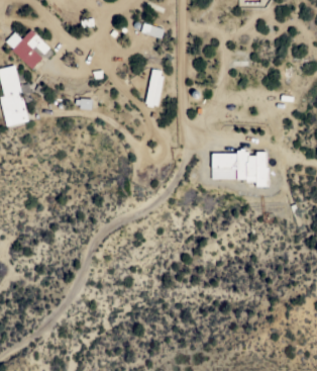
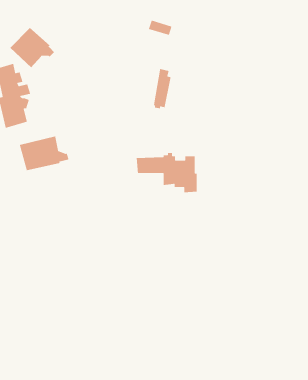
building: none -> [19,136,70,171]
building: [211,149,269,187] -> [136,152,198,193]

